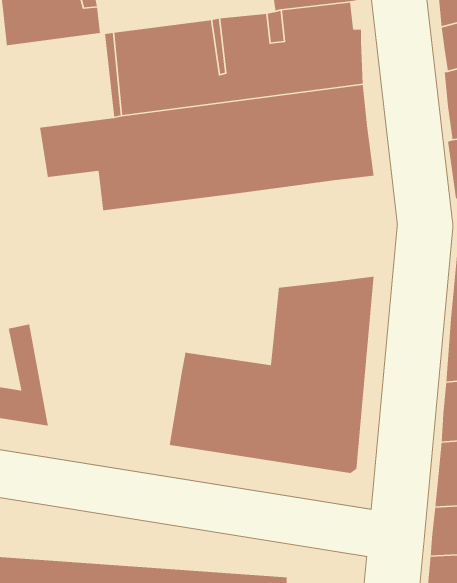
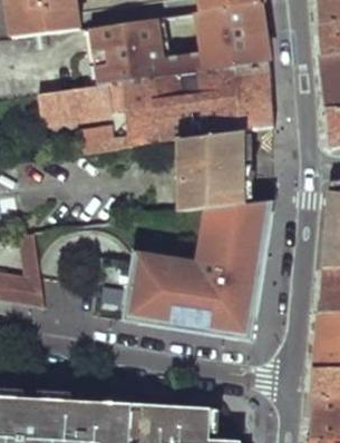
building: none -> [179,131,246,209]

